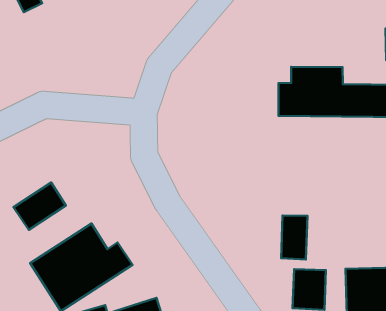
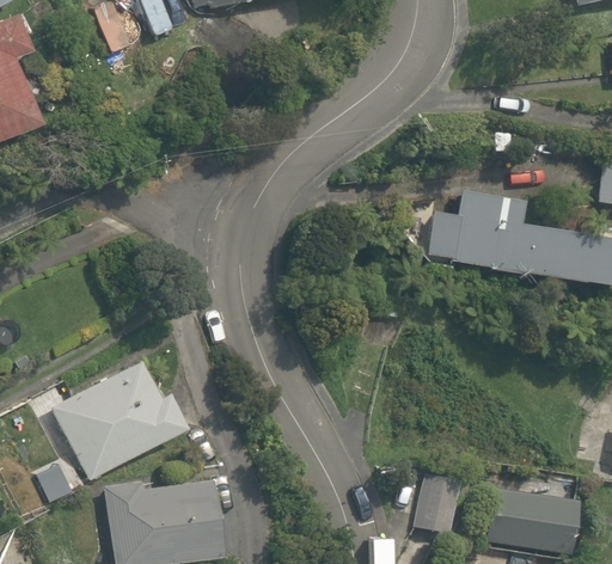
building: [13,182,66,230] -> none
building: [281,216,307,259] -> none

